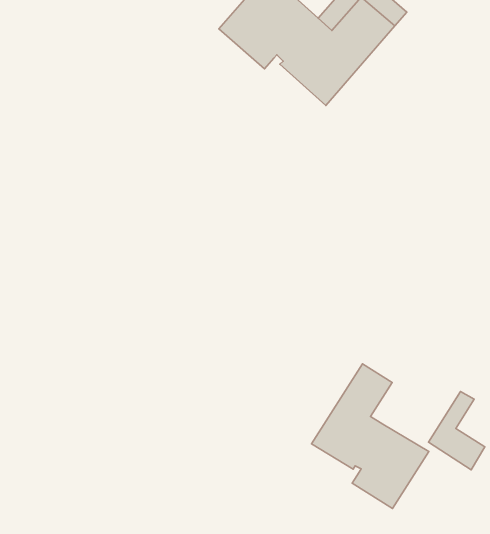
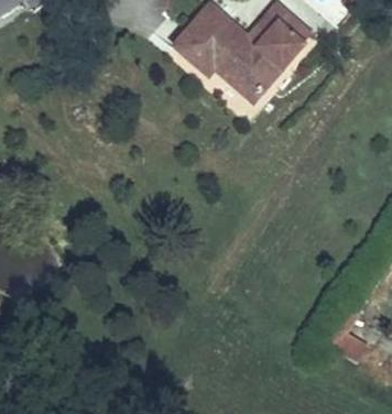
building: [312,364,429,509] -> none

